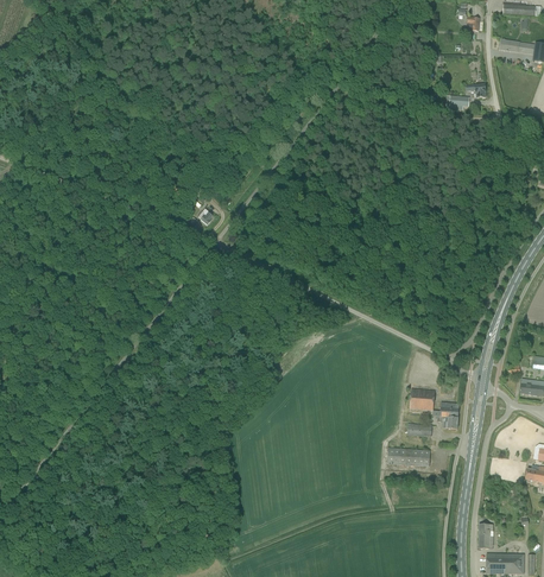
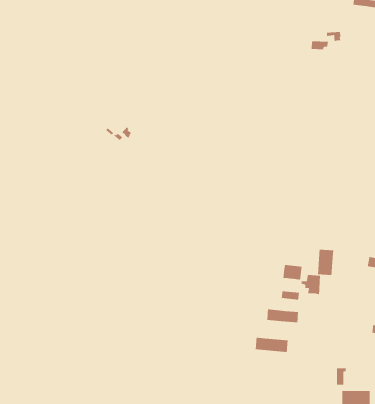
building: none -> [317,249,334,276]
building: none -> [255,337,289,353]

